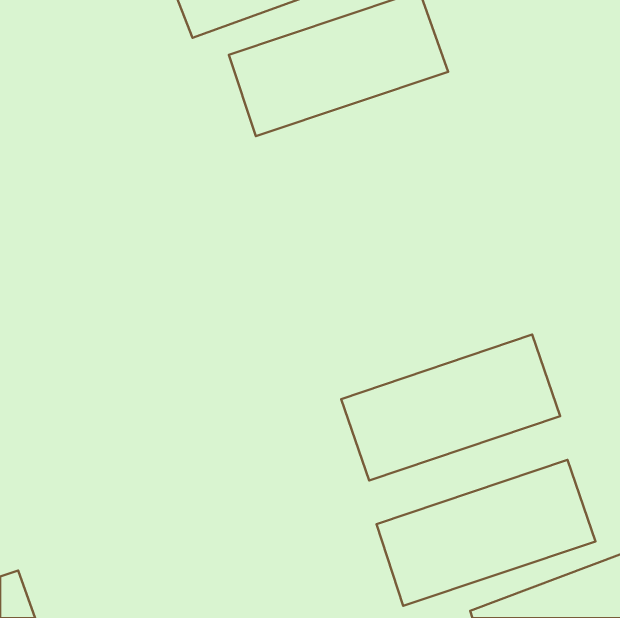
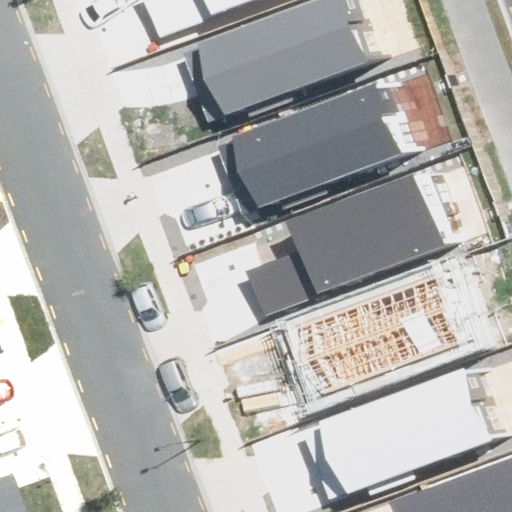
building: none -> [229,84,409,204]
building: none -> [246,171,446,313]

